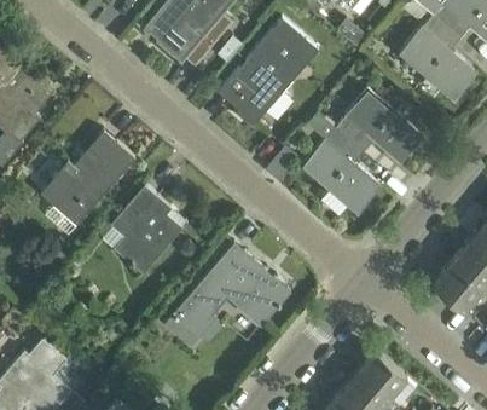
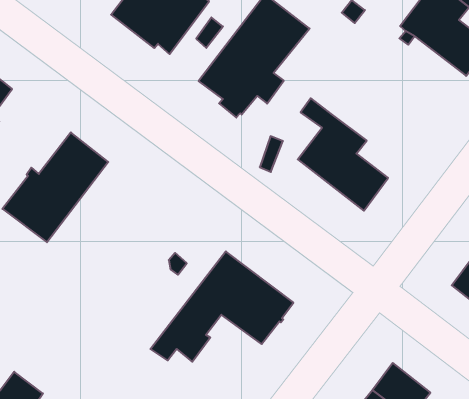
building: [335,89,423,164] -> none
building: [111,185,182,273] -> none

